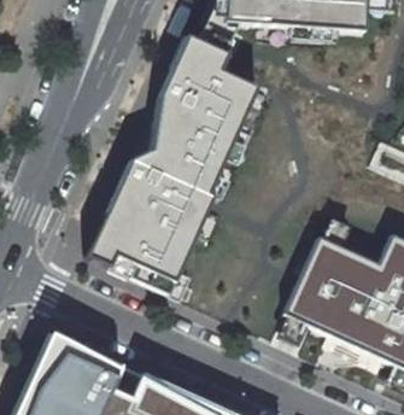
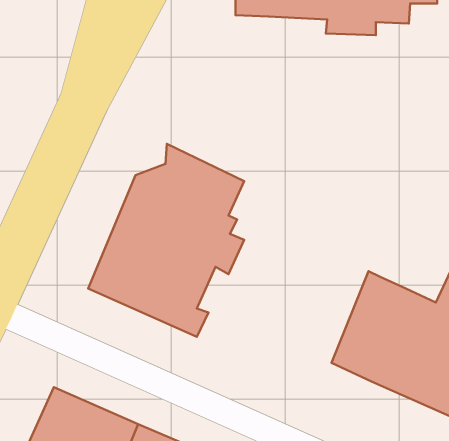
building: [154,23,254,165] -> none

